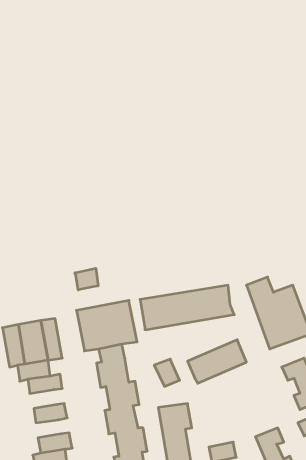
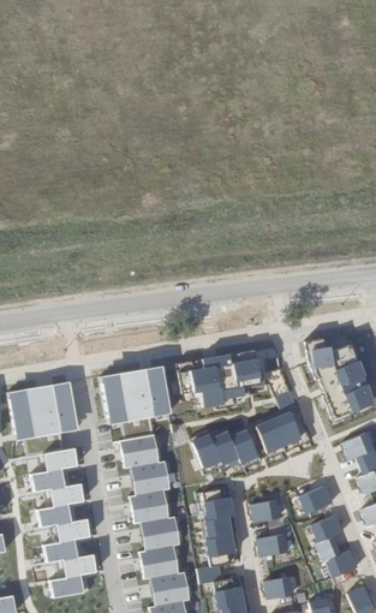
building: [75,268,98,290] -> none
building: none -> [210,430,238,464]
building: none -> [32,470,74,495]
building: none -> [299,486,333,513]
building: none -> [249,500,280,523]
building: none -> [40,506,79,530]

